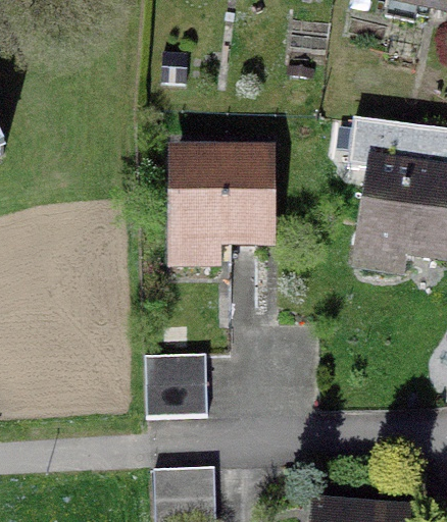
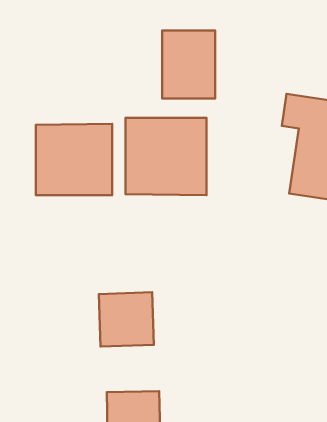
building: none -> [162,30,215,99]
building: none -> [36,124,112,195]

